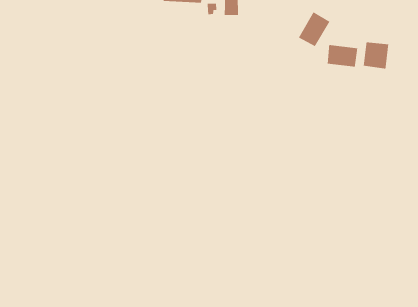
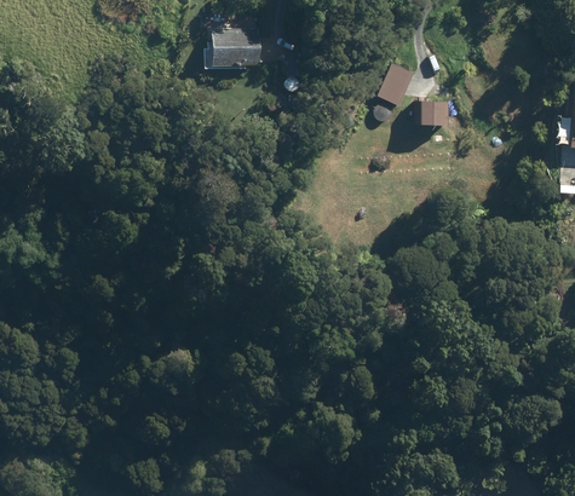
building: [363,41,389,70] -> none

